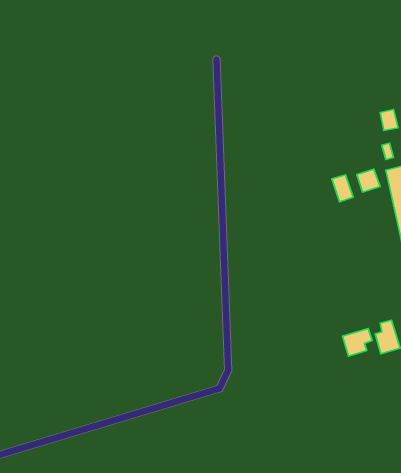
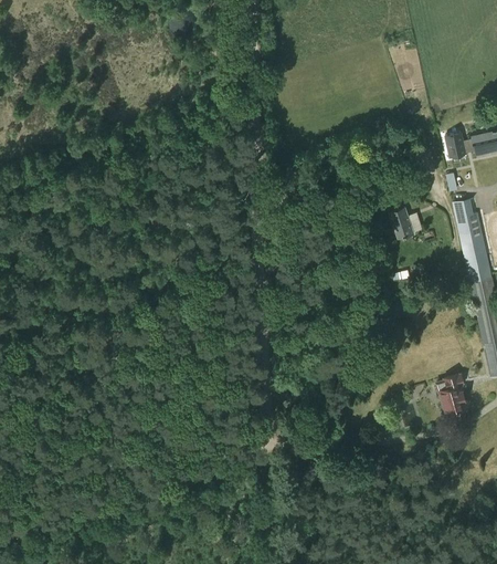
building: [357,169,380,192] -> none
building: [342,329,372,356] -> none

